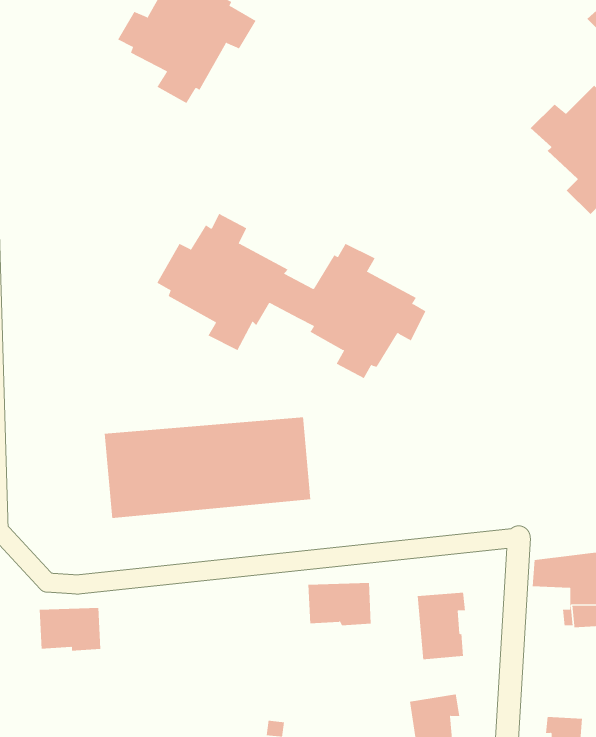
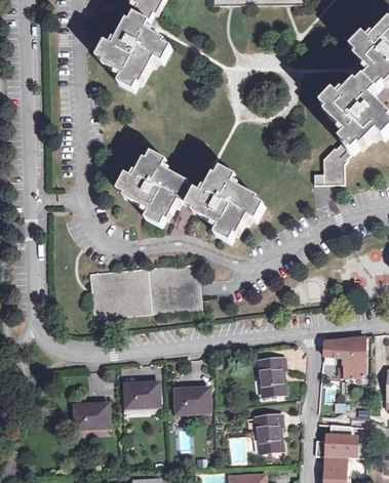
building: none -> [313,144,348,184]
building: [308,583,372,626] -> [174,386,209,409]
building: [39,608,101,651] -> [74,402,108,426]
building: none -> [124,380,159,405]

